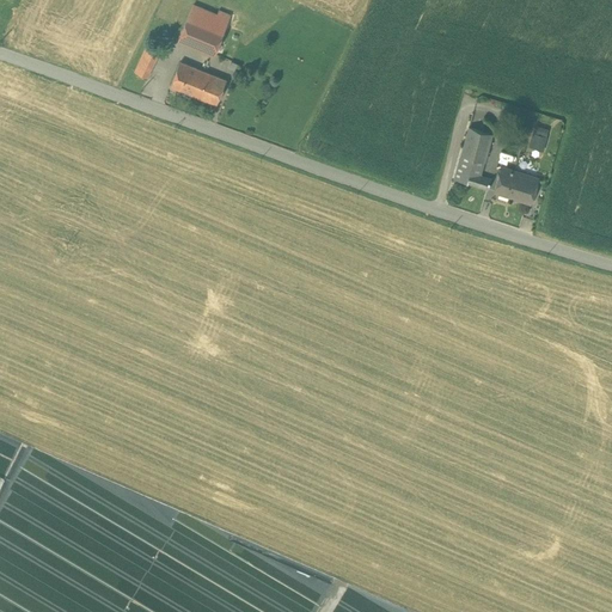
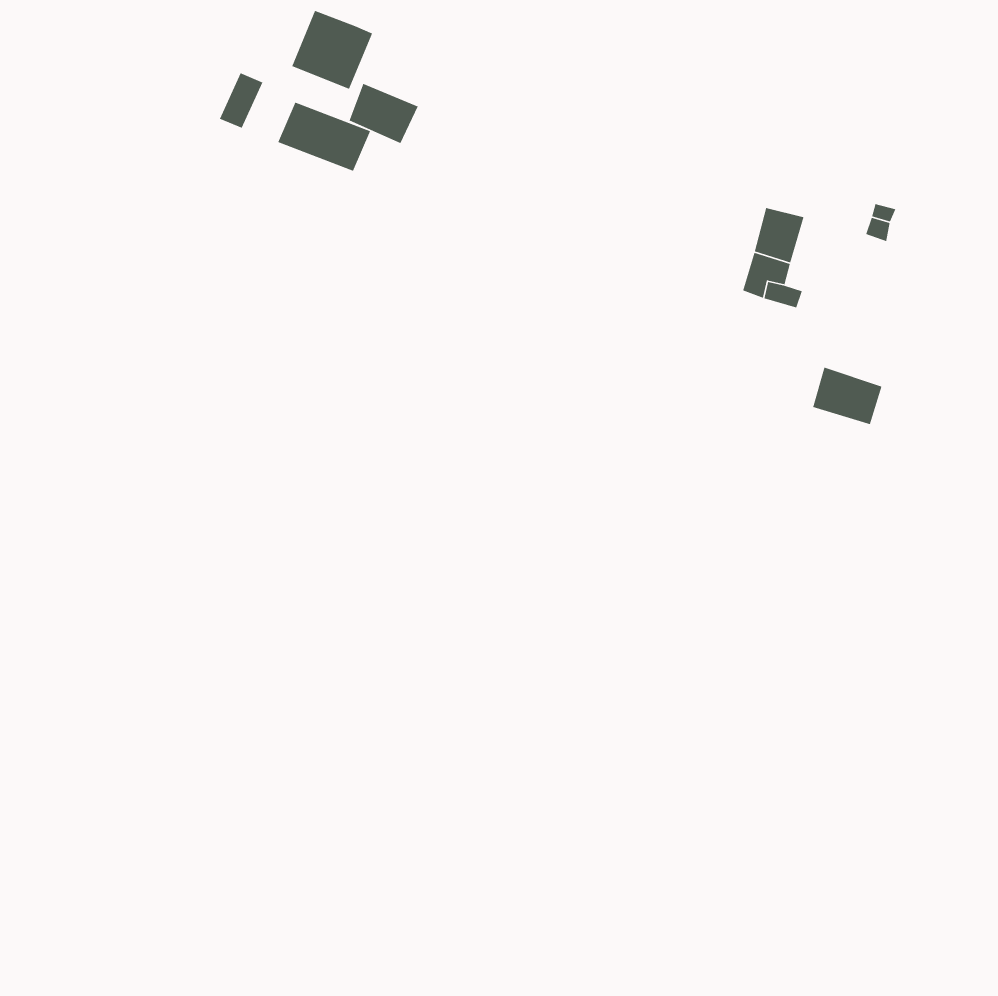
building: none -> [348,83,419,144]
building: [495,167,538,203] -> [812,366,882,425]

